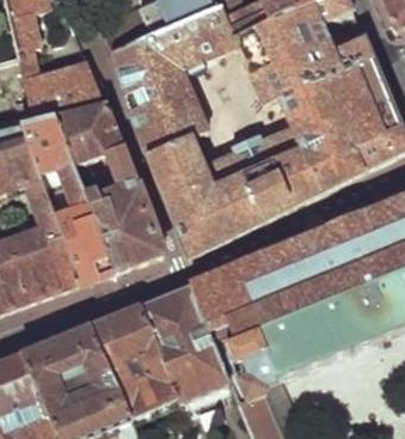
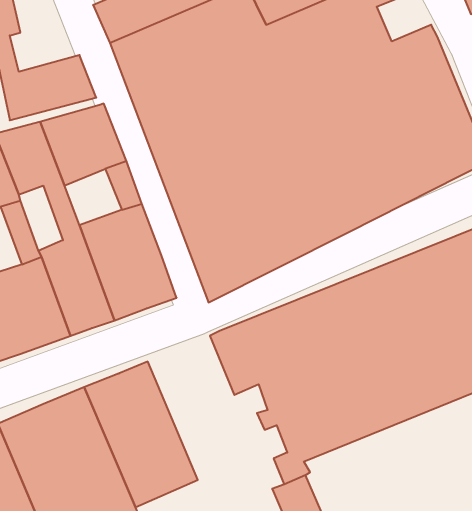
building: [142,283,231,401] -> none

